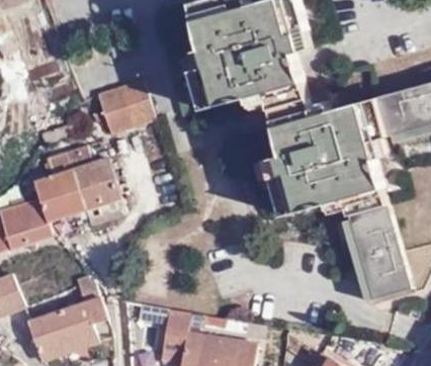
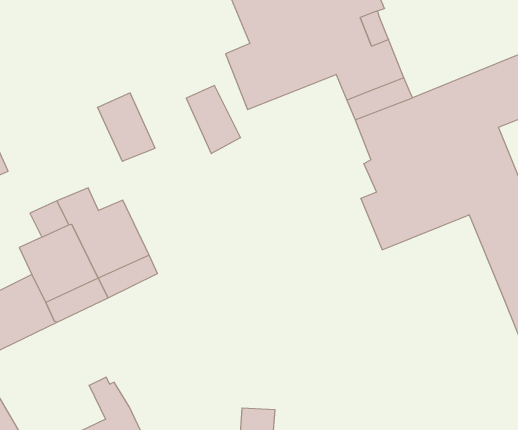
building: [122,81,156,126] -> [186,86,241,153]

